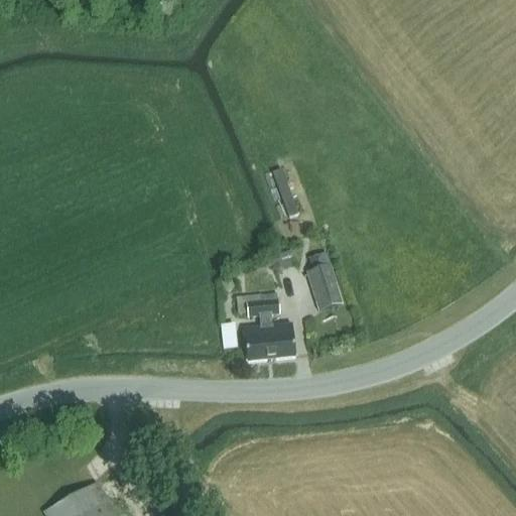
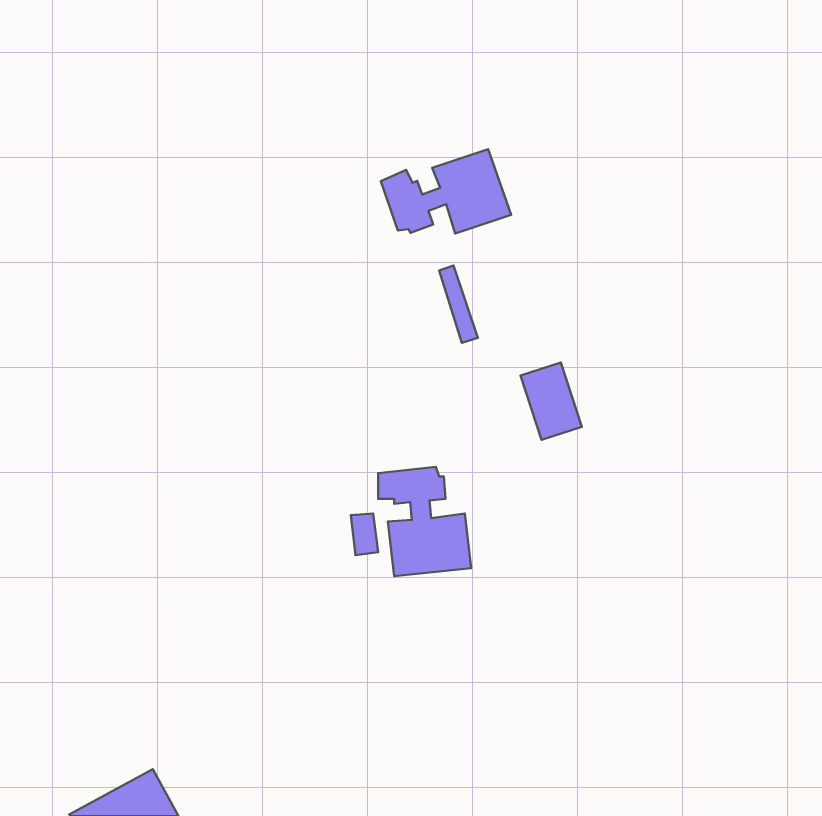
building: none -> [381,149,511,234]
building: [303,262,342,310] -> [521,363,582,440]

